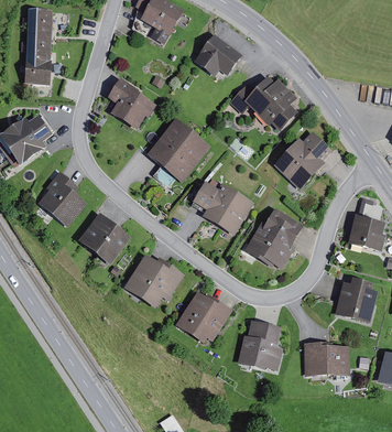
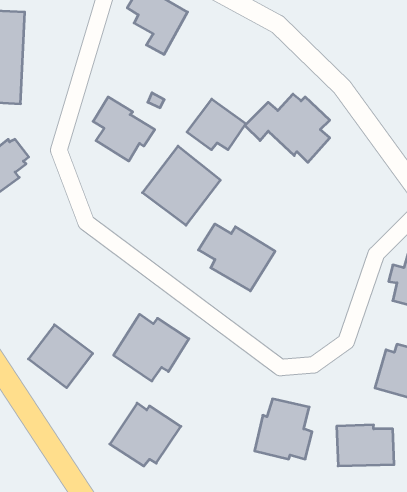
building: [194,34,241,75] -> [187,99,246,150]
building: [273,131,333,190] -> none
building: [39,171,87,226] -> none
building: [243,208,303,270] -> none
building: [78,214,130,264] -> [28,325,93,388]
building: [175,292,232,343] -> [110,403,181,466]

